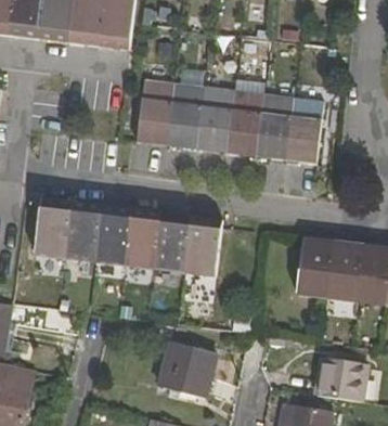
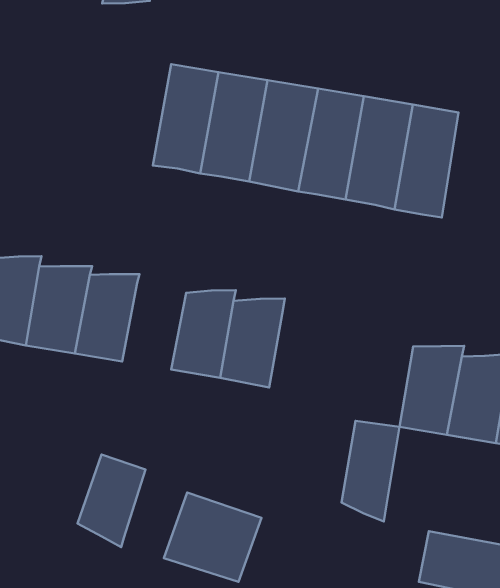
building: [125,212,161,267] -> none
building: none -> [342,421,400,522]
building: none -> [78,454,145,547]

